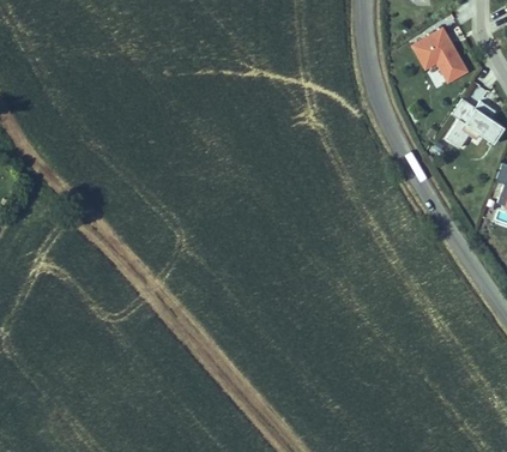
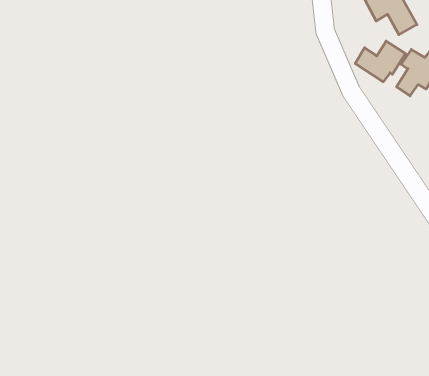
building: none -> [355,41,406,82]

